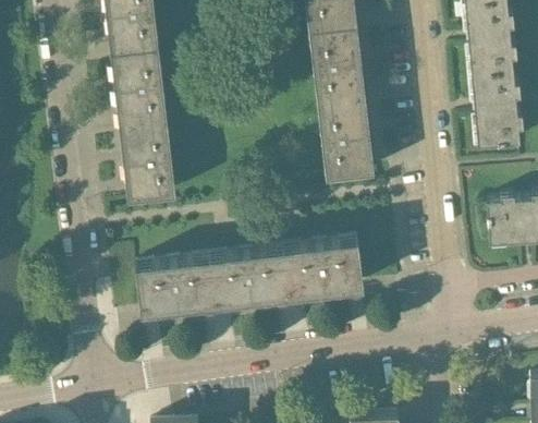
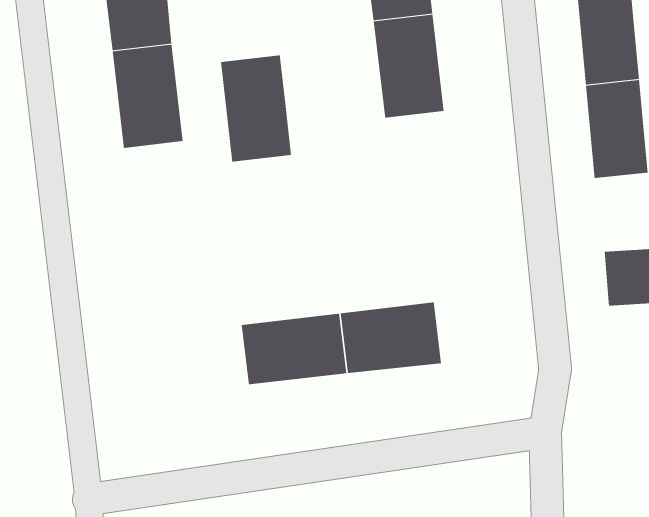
building: [319,96,374,179] -> none
building: [121,119,175,201] -> [220,55,292,162]
building: [137,258,216,313] -> none

